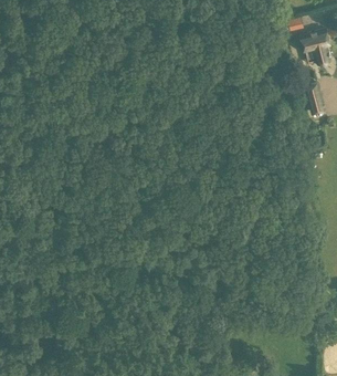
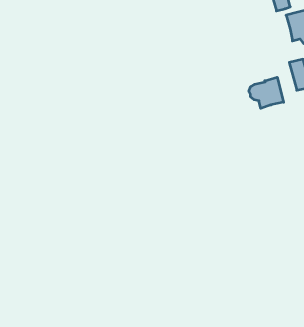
building: none -> [249,77,284,108]

